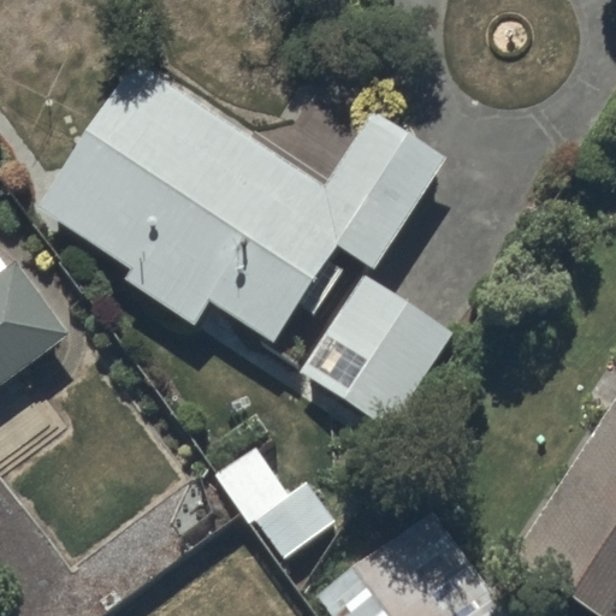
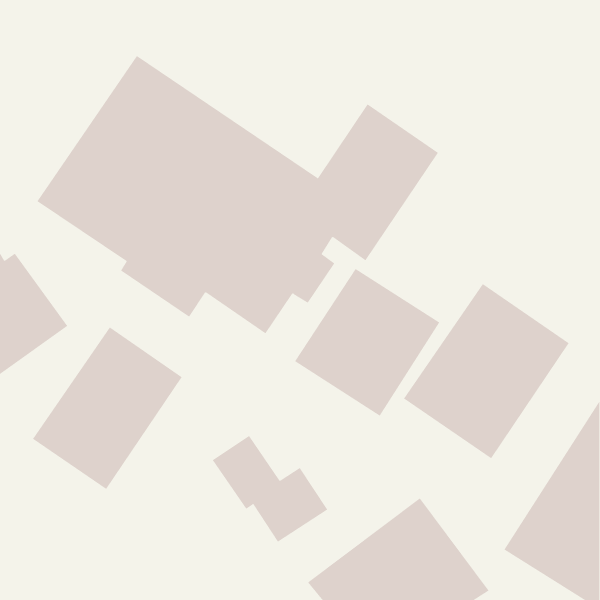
building: none -> [403,283,569,459]
building: none -> [32,327,182,490]

